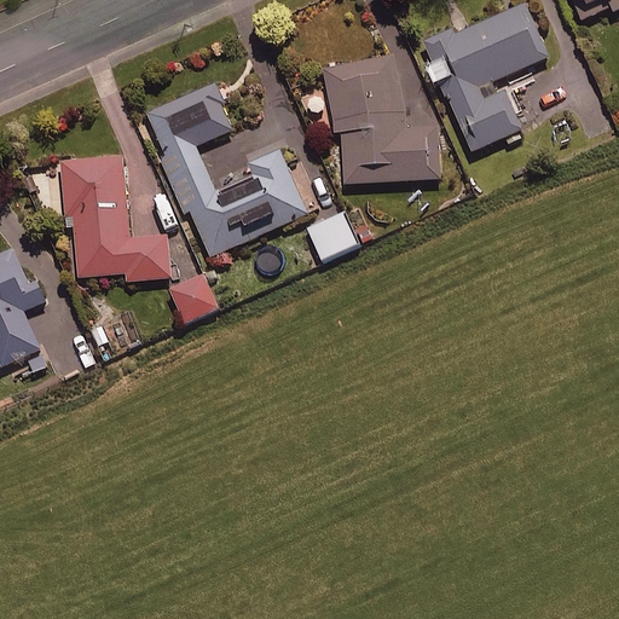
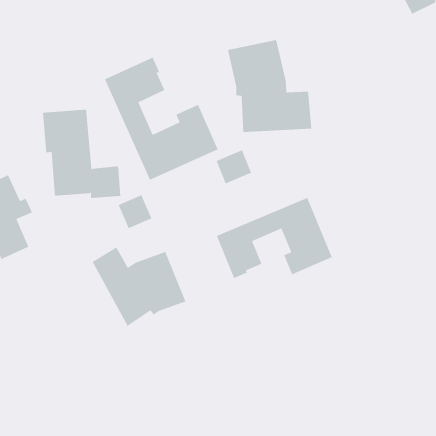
building: [420,5,545,152] -> none
building: none -> [216,197,333,279]
building: none -> [92,247,186,327]

